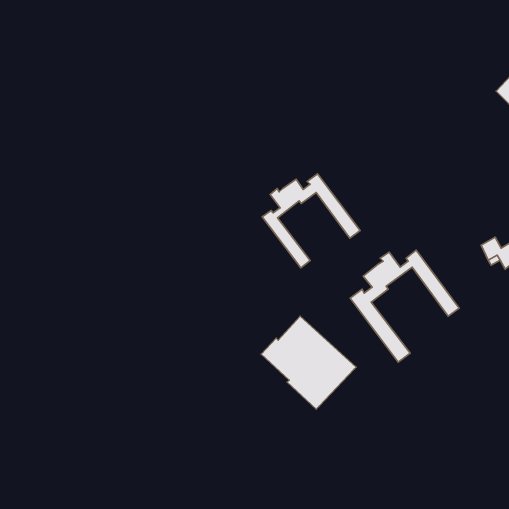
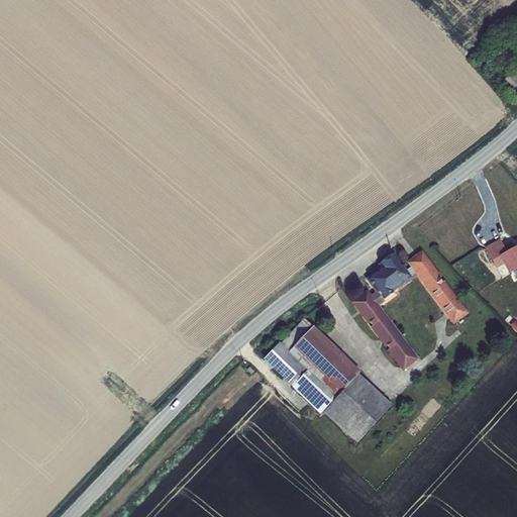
building: [262,174,360,268] -> none
building: none -> [324,373,393,441]

